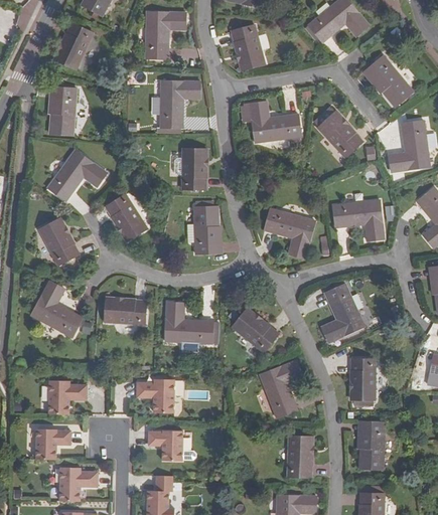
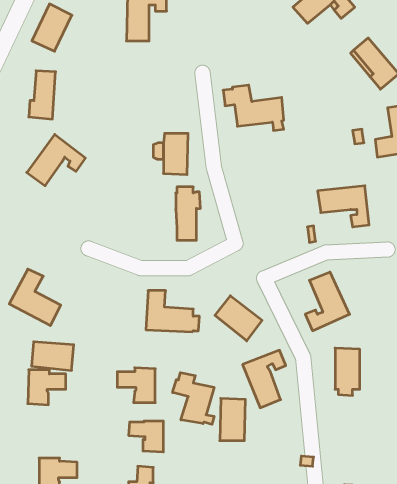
building: [230,25,264,69] -> none
building: [160,80,198,127] -> none
building: [316,111,361,157] -> none
building: [104,194,146,240] -> none
building: [264,208,314,259] -> none
building: [38,218,79,265] -> none
building: [104,297,145,325] -> [32,342,74,370]
building: none -> [173,373,214,424]
building: [358,422,383,469] -> none
building: [35,428,70,459] -> none
building: [287,436,312,477] -> [220,398,245,441]

